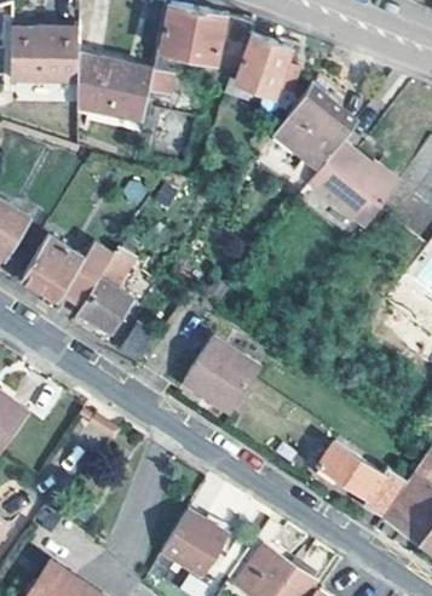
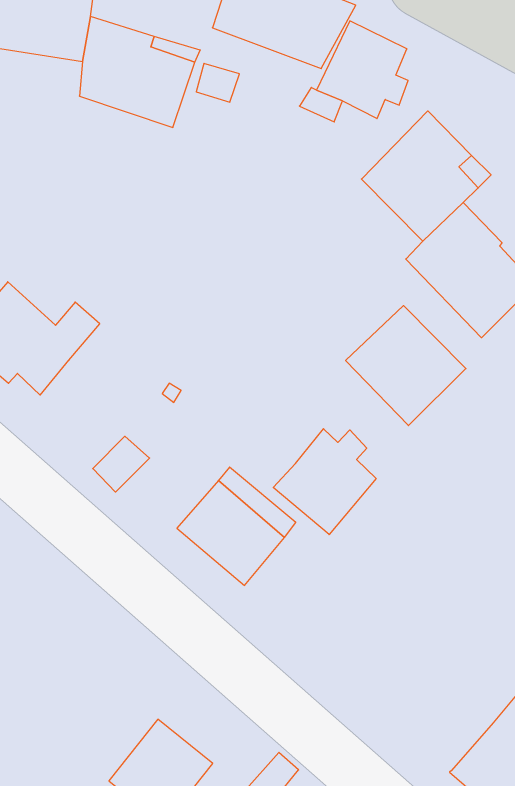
building: none -> [346,306,466,426]
building: [80,250,134,333] -> none
building: none -> [273,429,376,535]
building: [319,443,407,516] -> none

